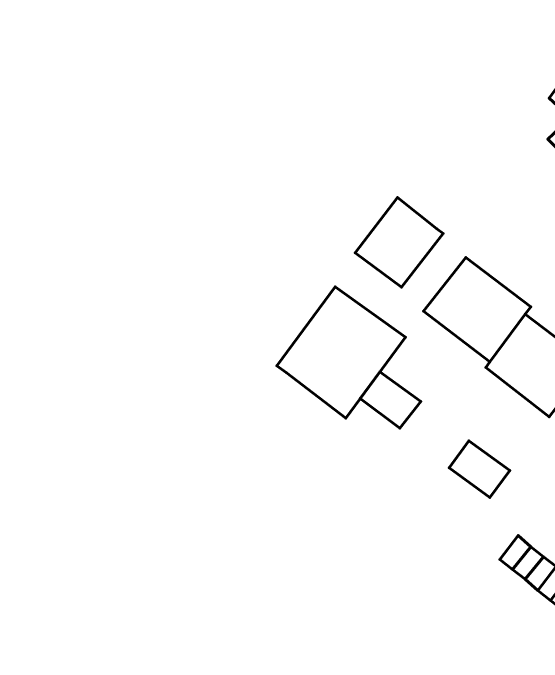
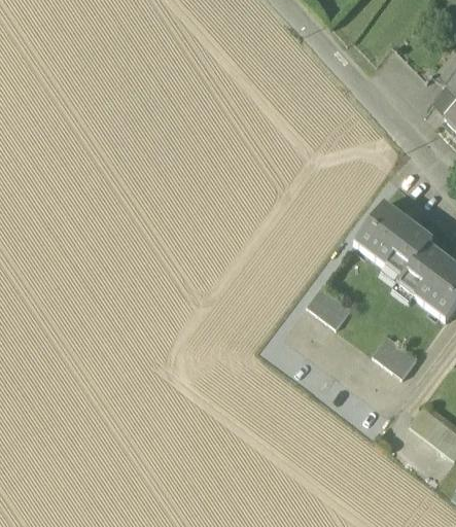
building: [355,197,443,287] -> none
building: [277,287,405,418] -> none

